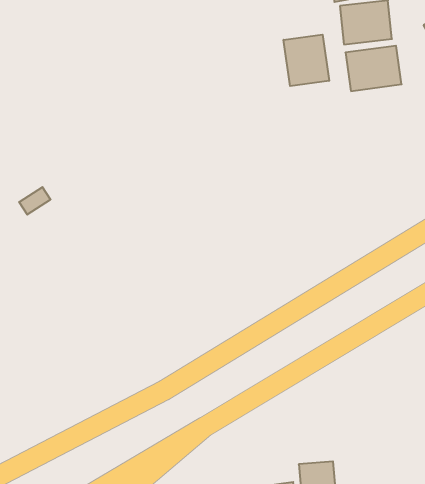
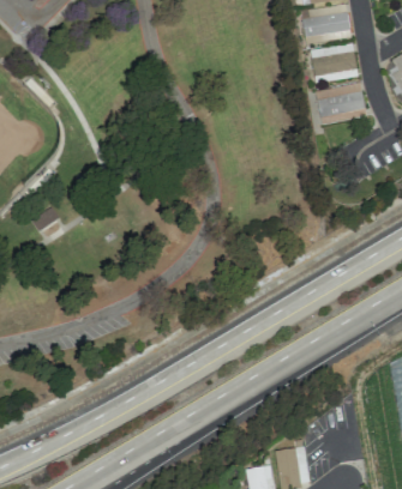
building: [284,35,329,86] -> none

